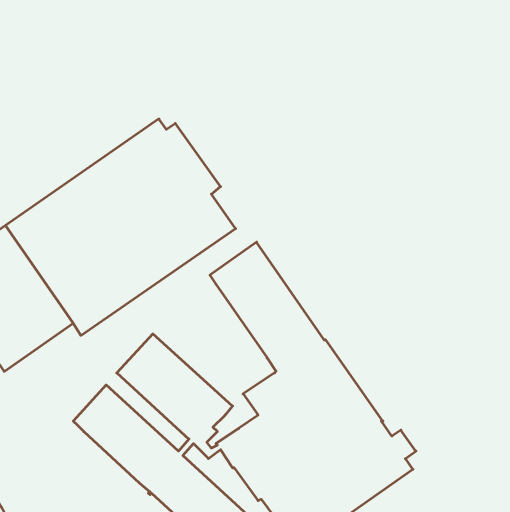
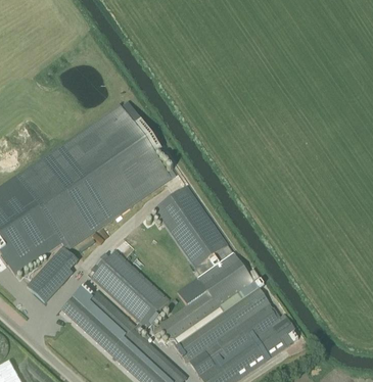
building: none -> [26,255,72,302]

